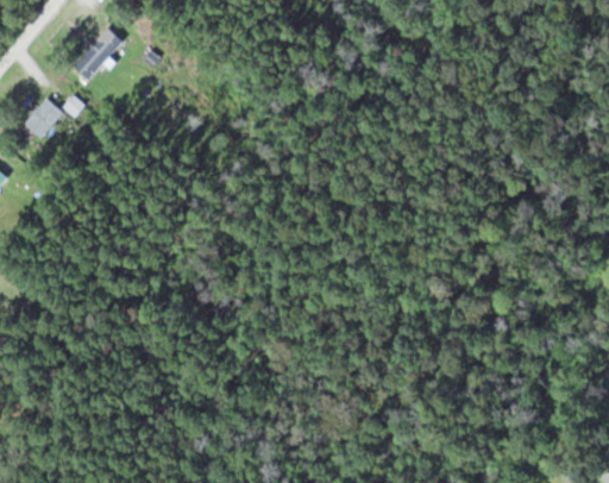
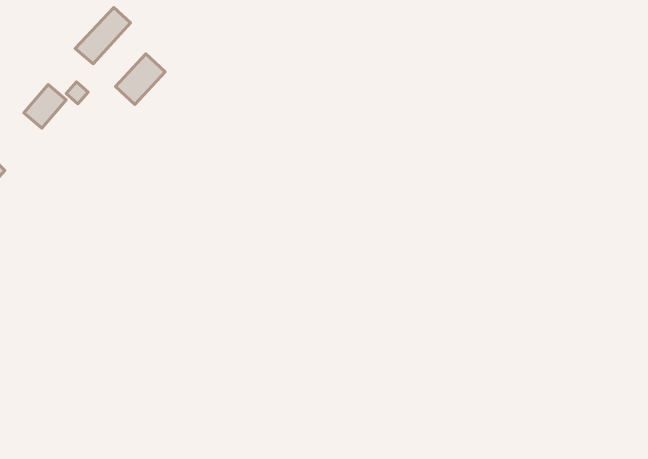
building: none -> [116,54,165,104]

